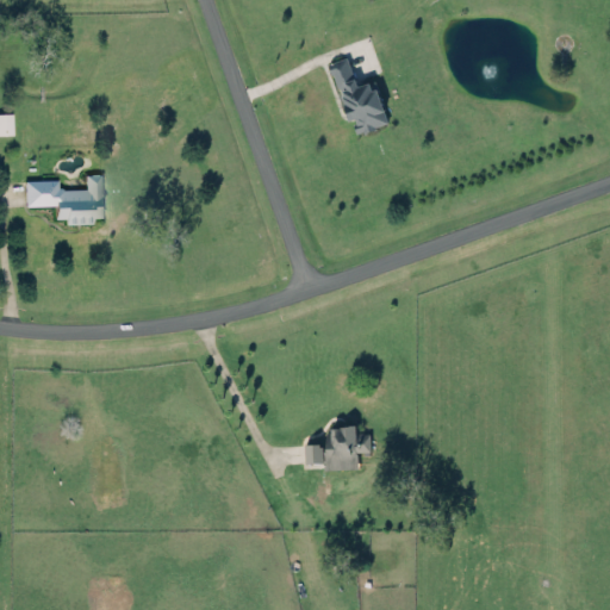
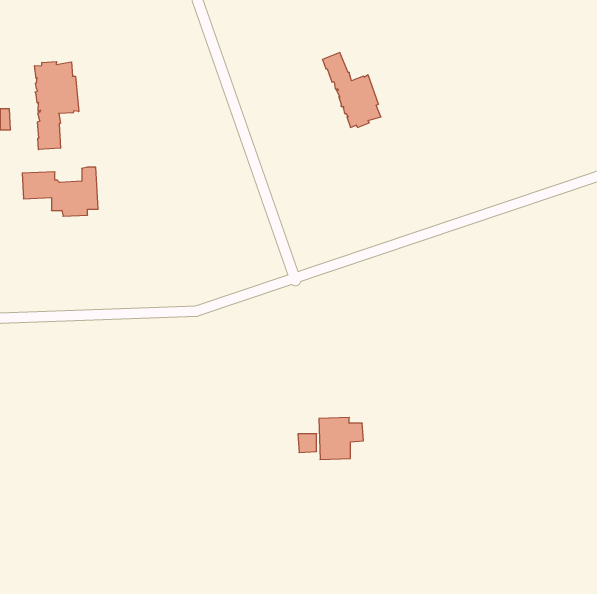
building: none -> [35,62,79,150]

